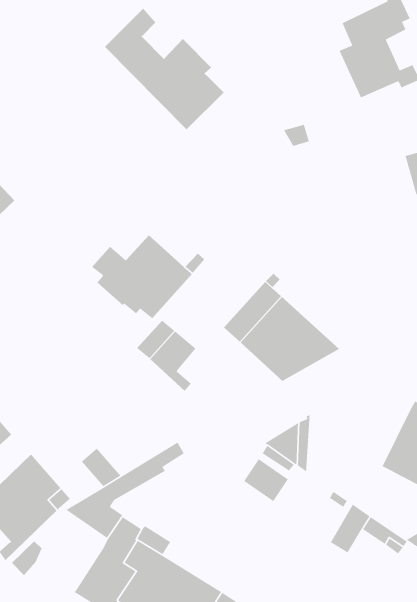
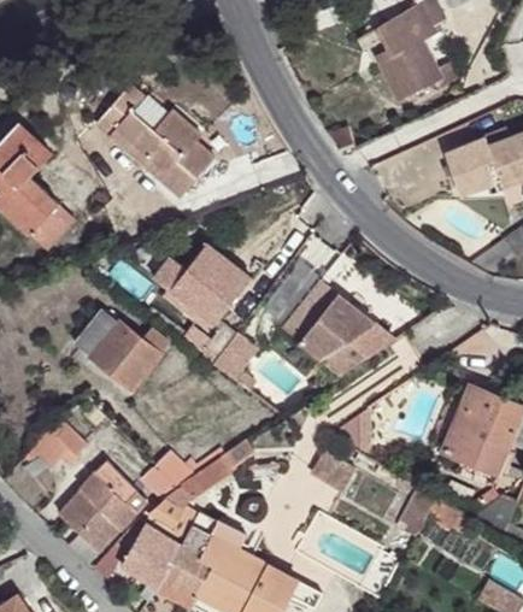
building: [104,8,224,130] -> [96,83,215,198]
building: none -> [75,308,169,389]
building: none -> [121,523,181,595]

